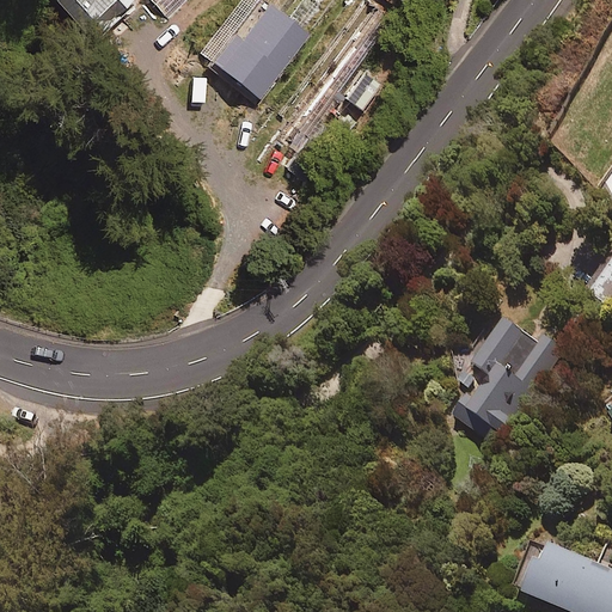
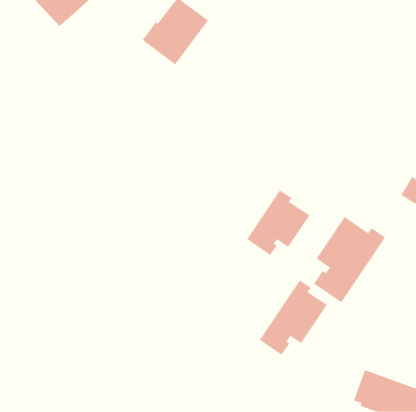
building: none -> [246,190,310,256]
building: none -> [259,279,328,356]

